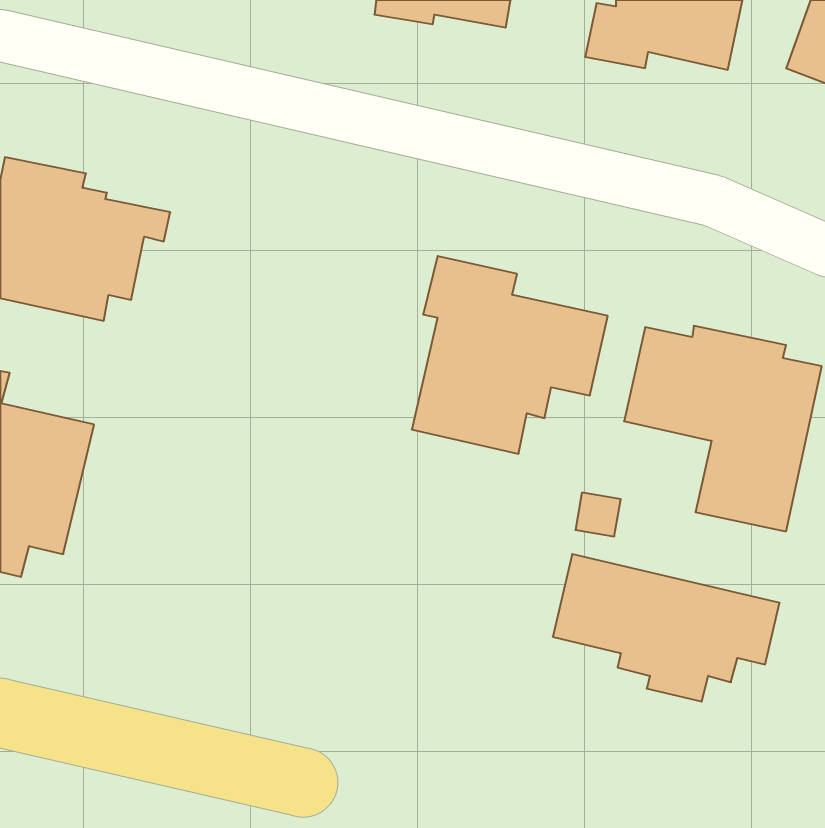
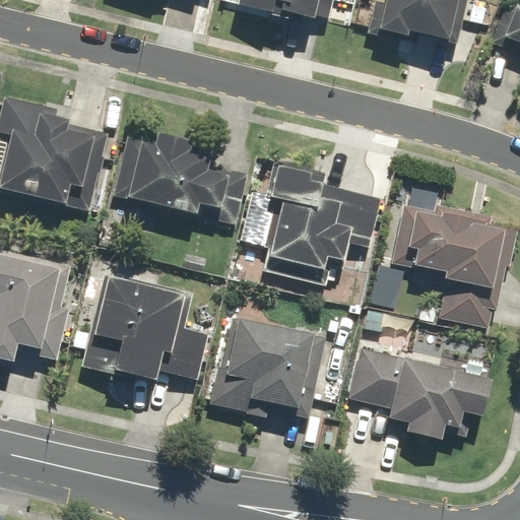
building: none -> [117,132,249,225]
building: none -> [81,273,210,380]
building: none -> [210,318,313,412]

